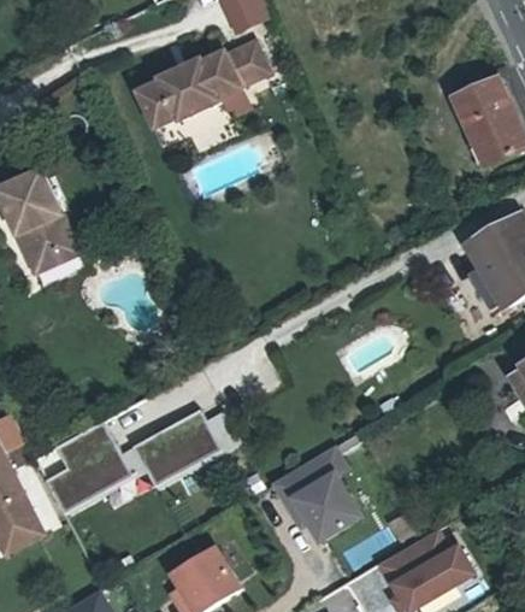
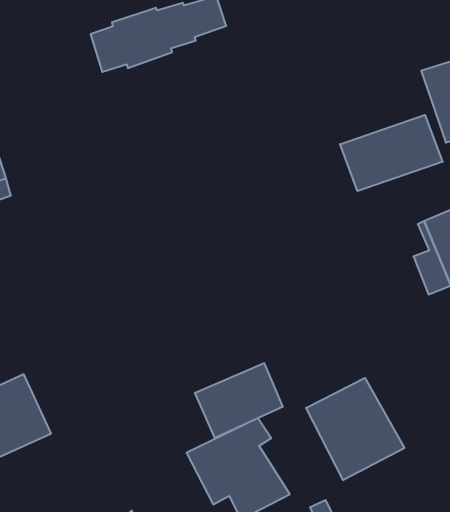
building: none -> [340,115,443,191]
building: none -> [306,378,404,480]
building: [135,411,220,487] -> [195,363,283,438]

